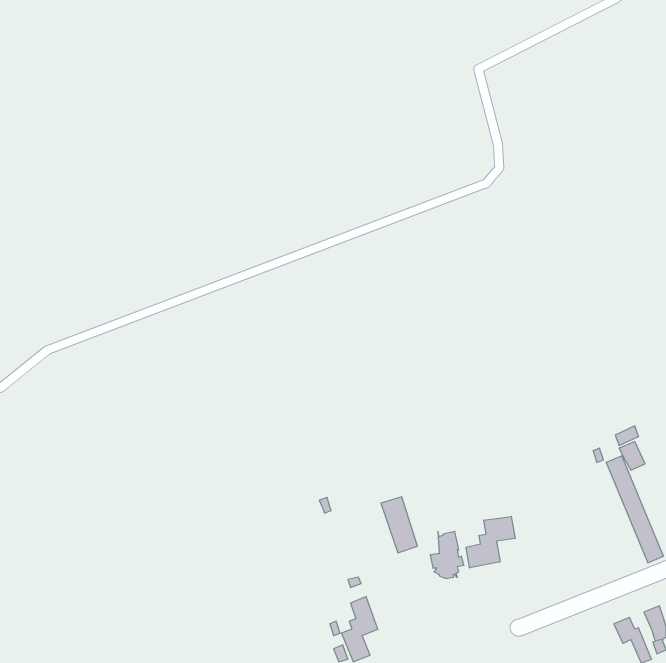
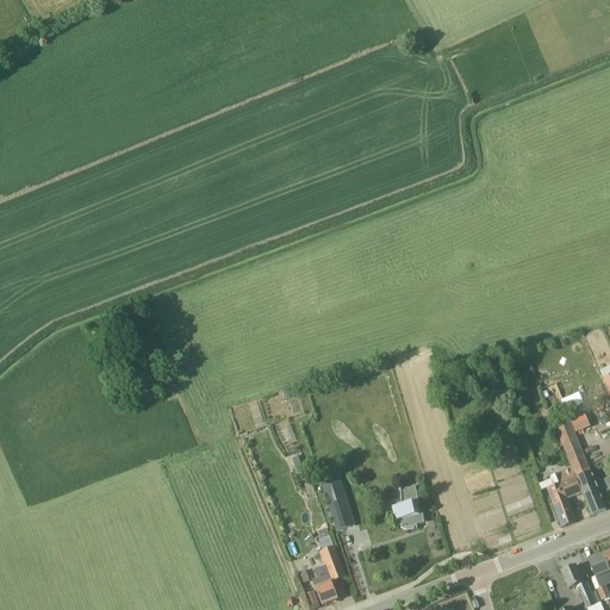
building: [381,497,417,553] -> [322,479,355,530]
building: none -> [547,468,581,527]
building: [466,516,515,568] -> none

